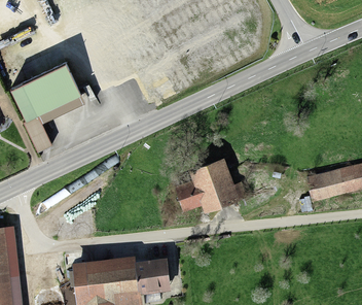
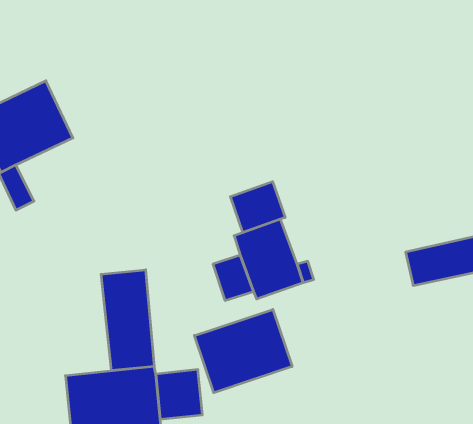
building: none -> [230,182,285,233]
building: none -> [101,270,154,371]
building: none -> [194,309,292,393]

